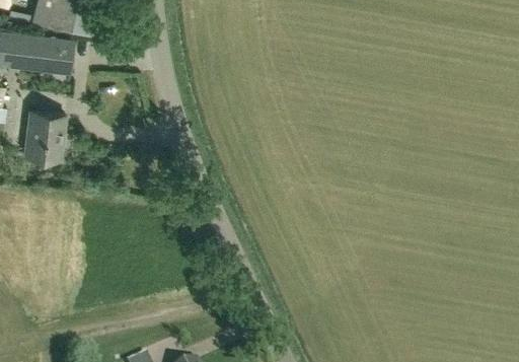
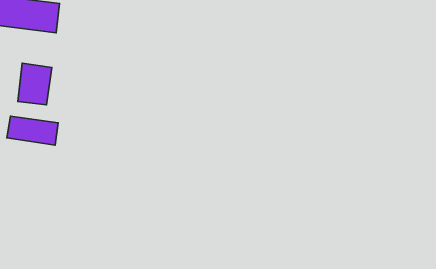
building: none -> [7,116,58,145]

